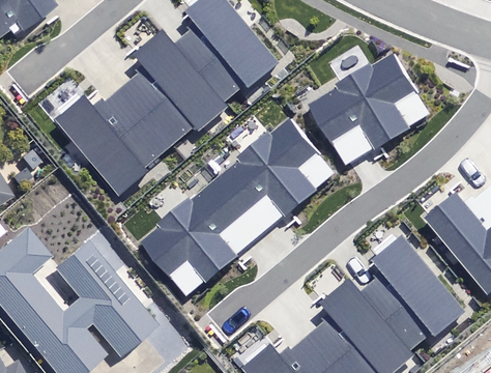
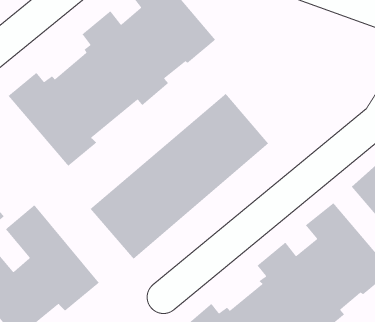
building: [309,53,430,164] -> none

